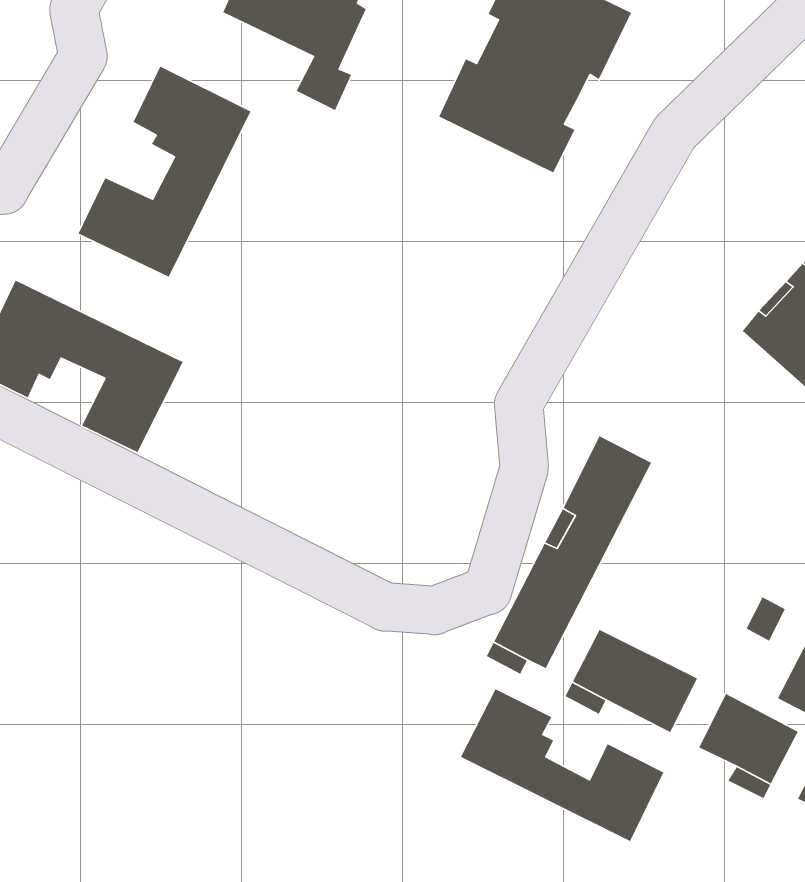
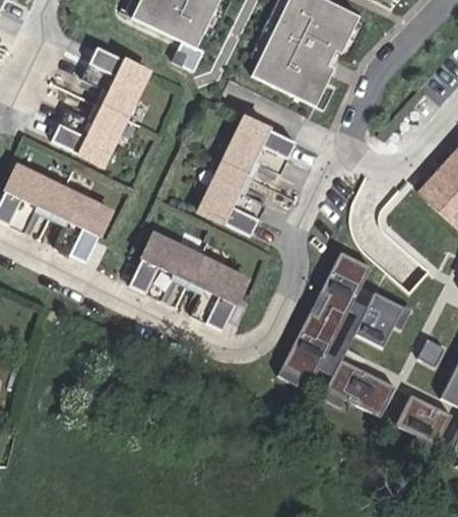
building: none -> [200,116,297,234]
building: none -> [129,232,247,328]
building: none -> [354,290,403,345]
building: [460,688,664,842] -> none

